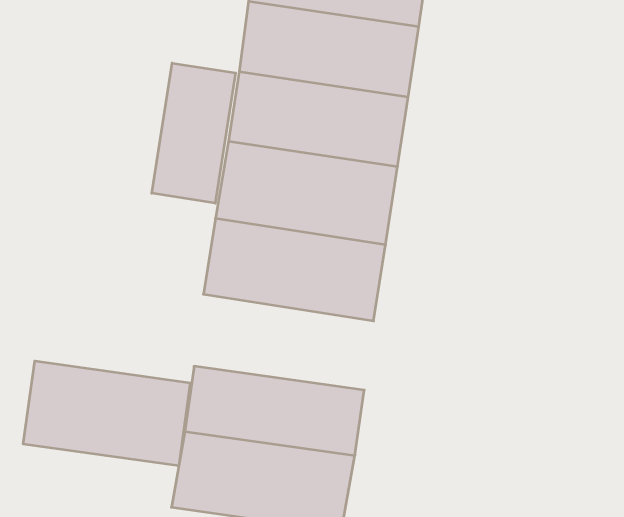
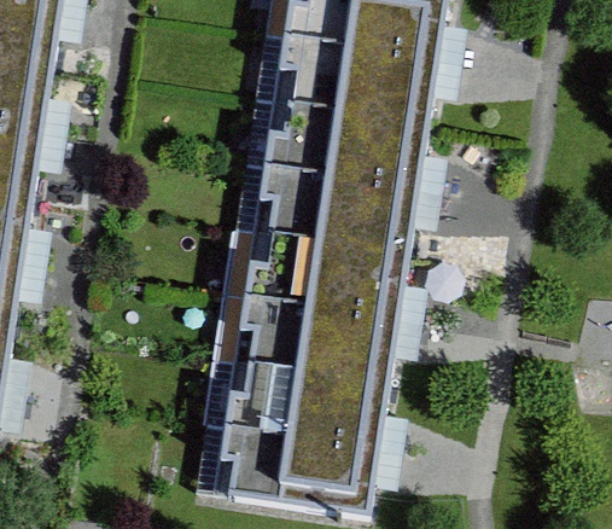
building: [152,63,236,203] -> none
building: none -> [217,300,380,386]
building: [23,361,190,466] -> none

